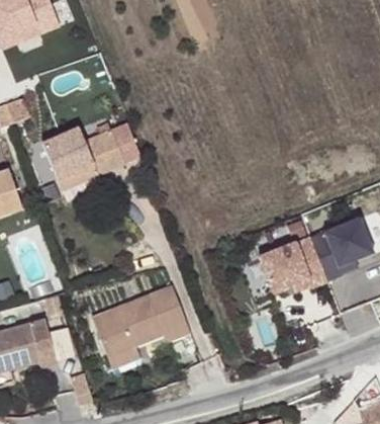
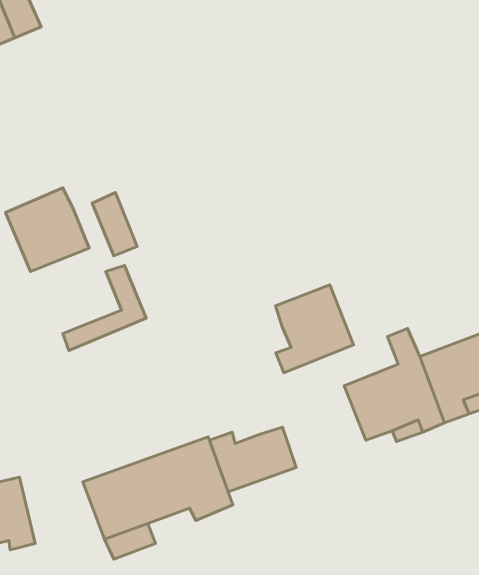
building: [56,137,110,192] -> [63,265,146,350]
building: none -> [275,285,354,373]
building: none -> [209,427,296,492]

